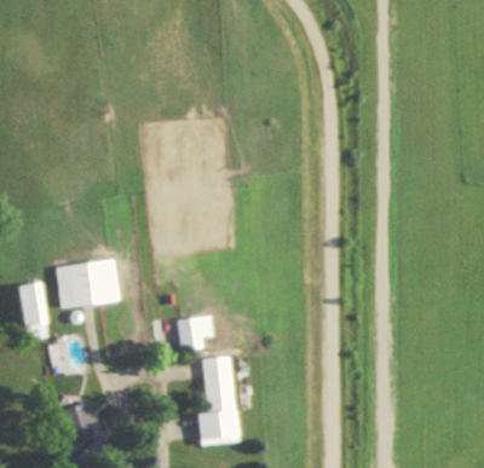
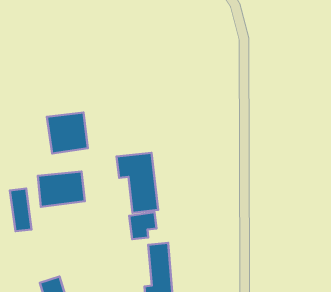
building: none -> [47,113,88,153]
building: none -> [116,153,158,213]

